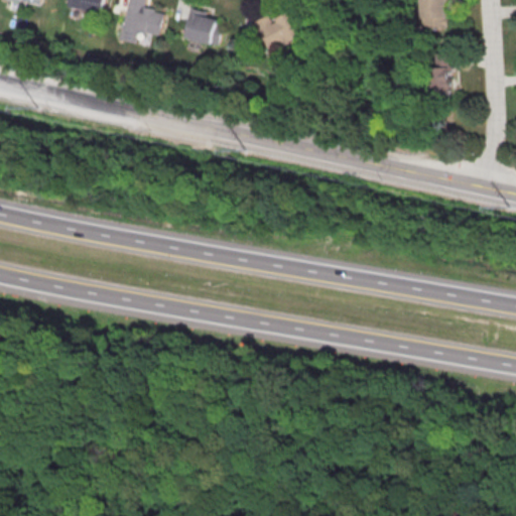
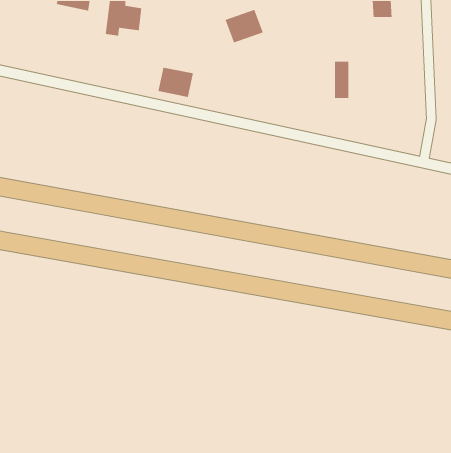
building: [181,10,223,45] -> [158,67,194,98]
building: [433,53,450,97] -> [334,61,349,99]

